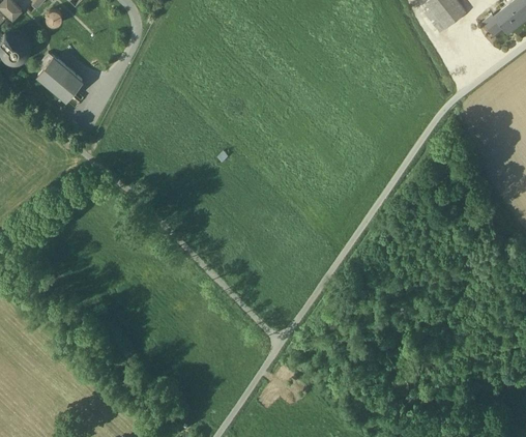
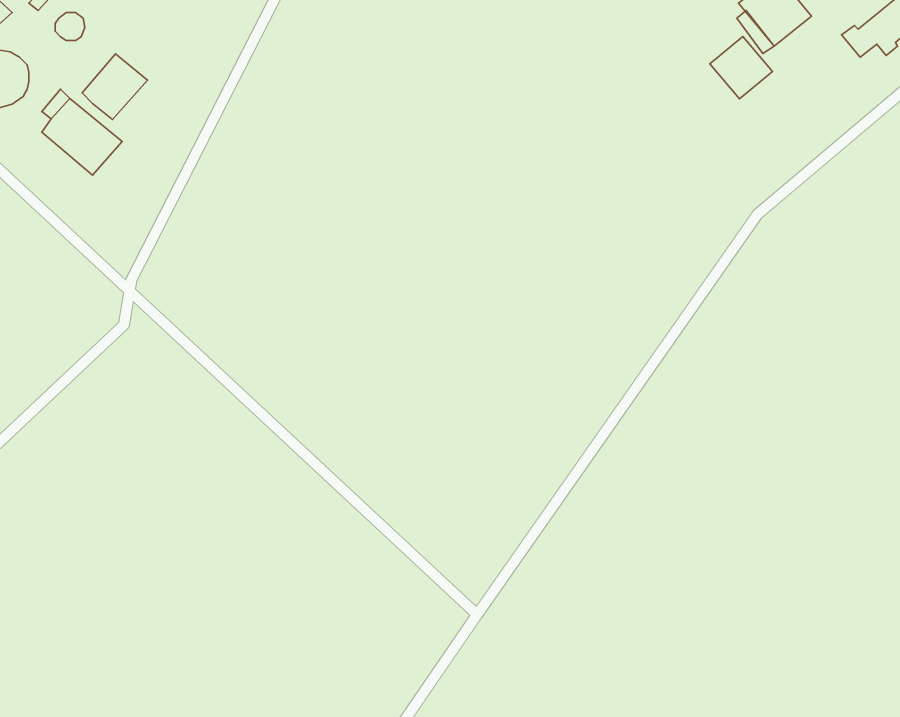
building: none -> [710,37,773,99]
building: none -> [82,54,148,119]

